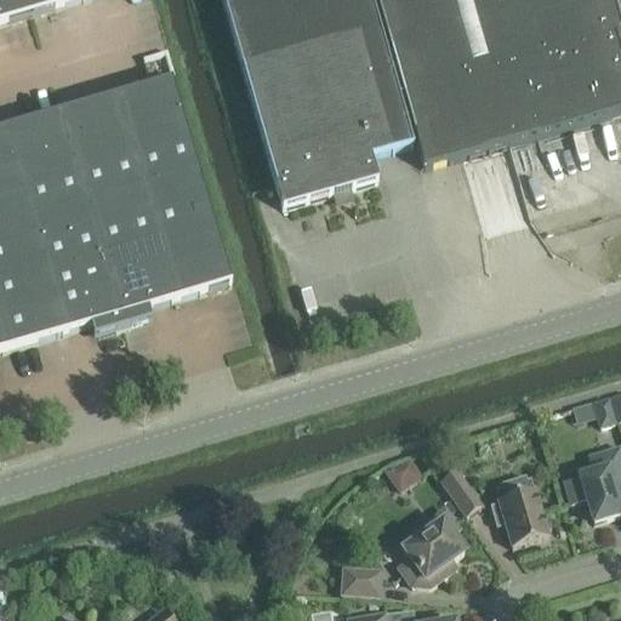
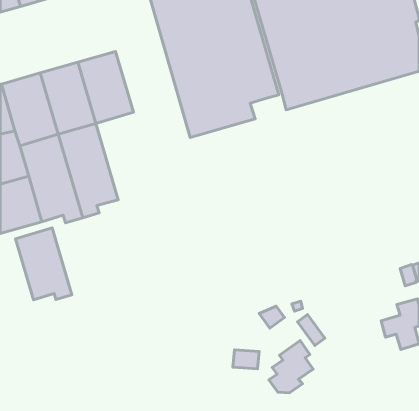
building: [142,166,230,296] -> none
building: none -> [15,228,72,300]
building: [489,485,551,542] -> none
building: [341,564,380,592] -> [233,350,259,369]

